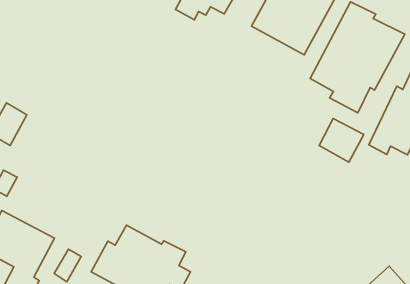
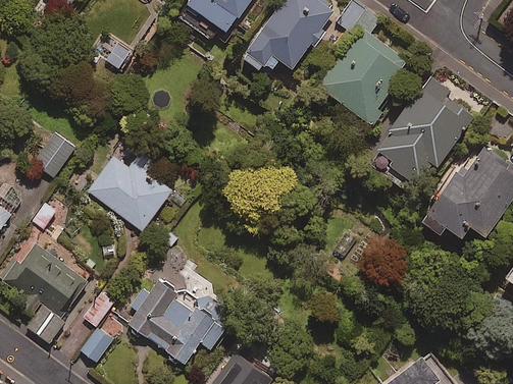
building: none -> [87,140,172,231]
building: [319,118,364,162] -> none

